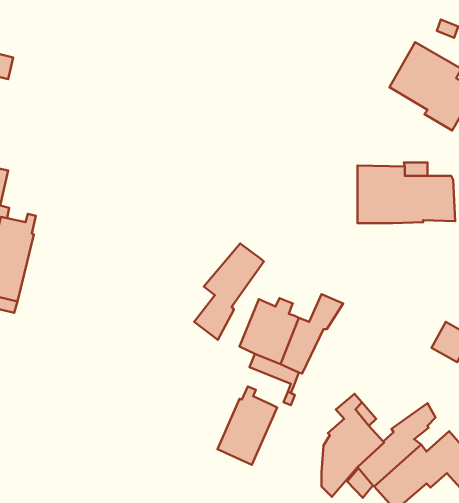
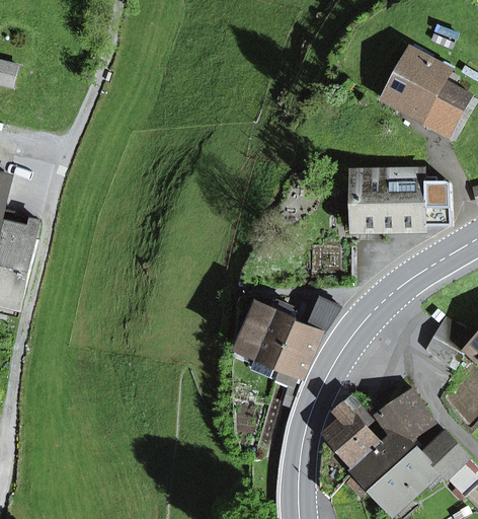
building: [194,244,264,340] -> none
building: none -> [376,386,423,430]
building: [217,386,277,465] -> none

